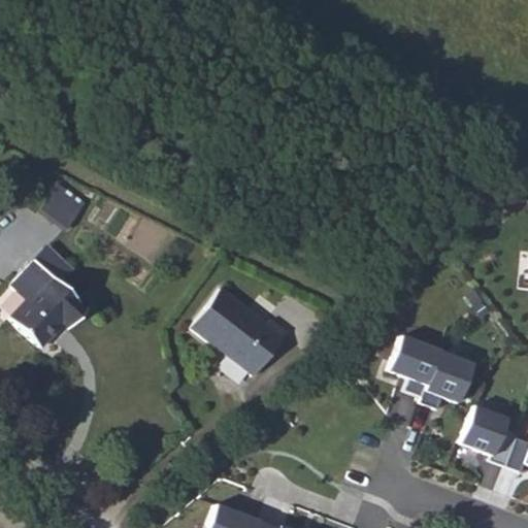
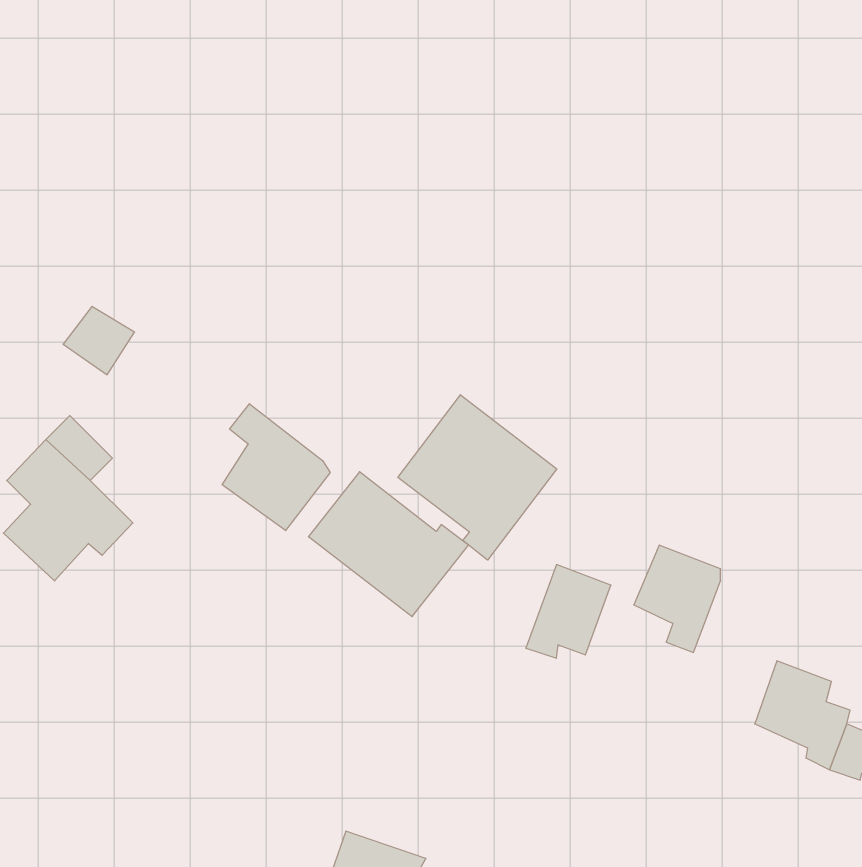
building: none -> [398,395,557,560]
building: none -> [222,404,330,531]
building: [423,354,474,410] -> [526,565,611,658]

